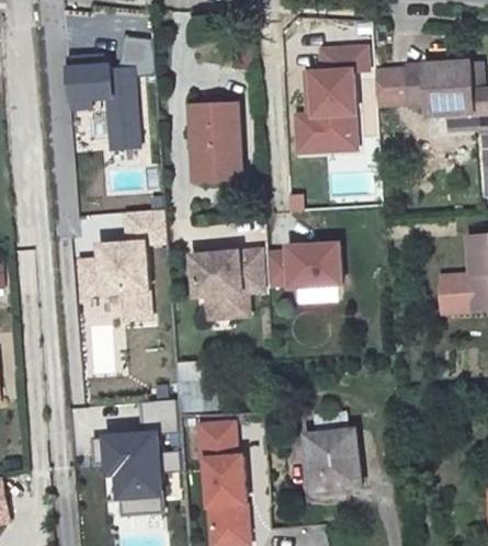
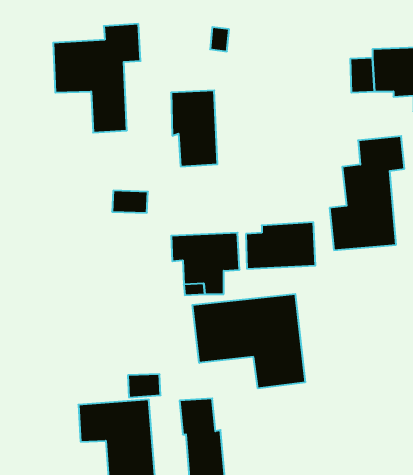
building: [290,38,367,157] -> [330,136,404,250]
building: [78,236,158,321] -> none
building: none -> [192,294,305,388]
building: [303,429,358,490] -> none

